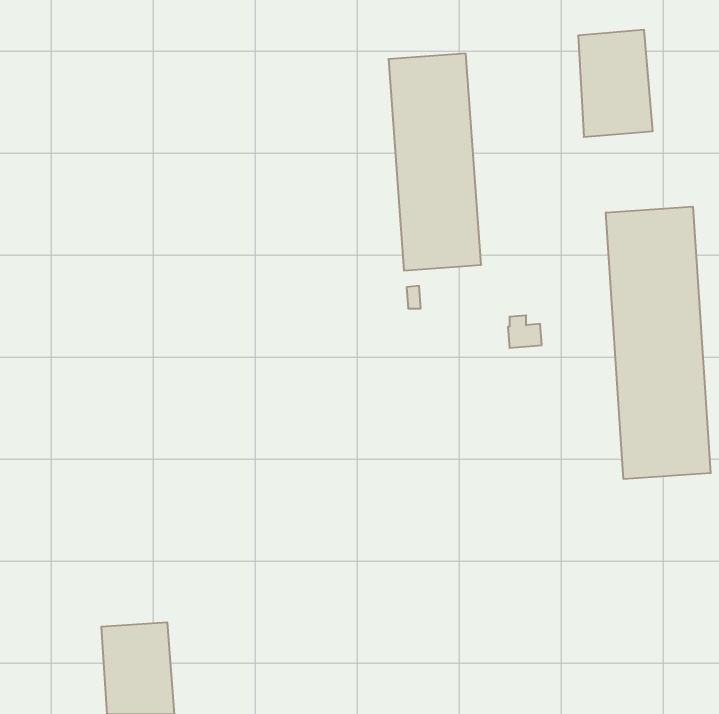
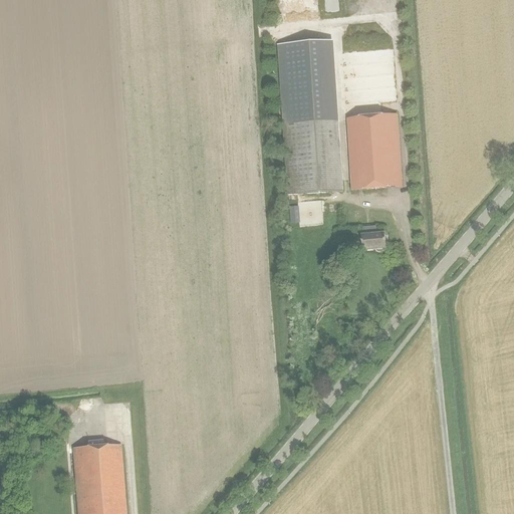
building: [578,30,653,137] -> [348,112,402,189]
building: [606,207,711,479] -> none

